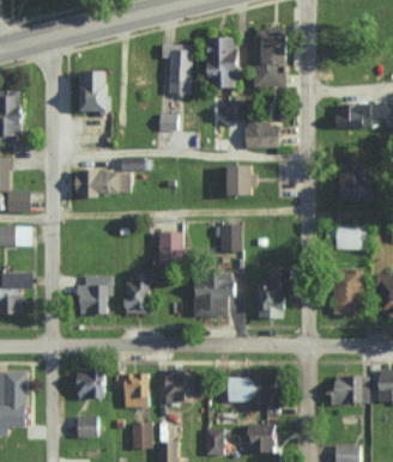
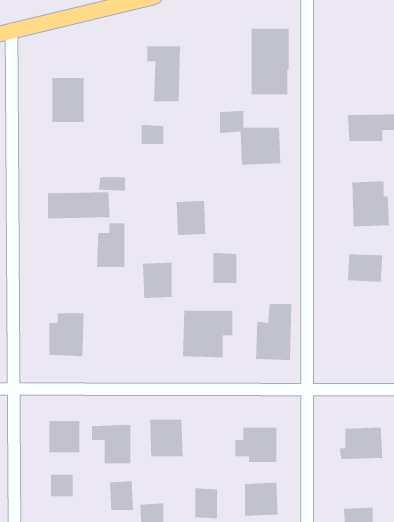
building: [210,37,240,89] -> none
building: [230,165,256,196] -> [176,200,206,236]
building: [333,269,363,315] -> none
building: [123,274,149,314] -> [96,222,125,268]

